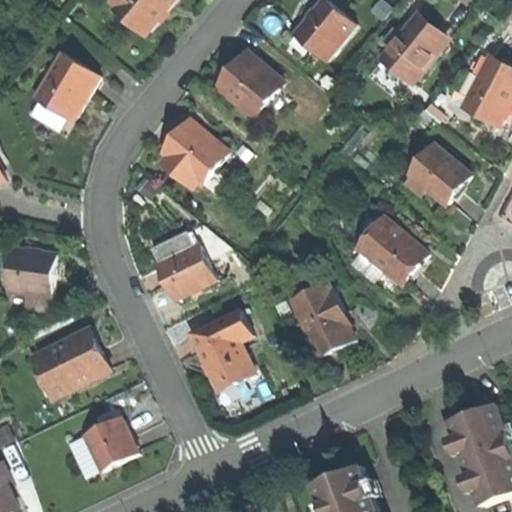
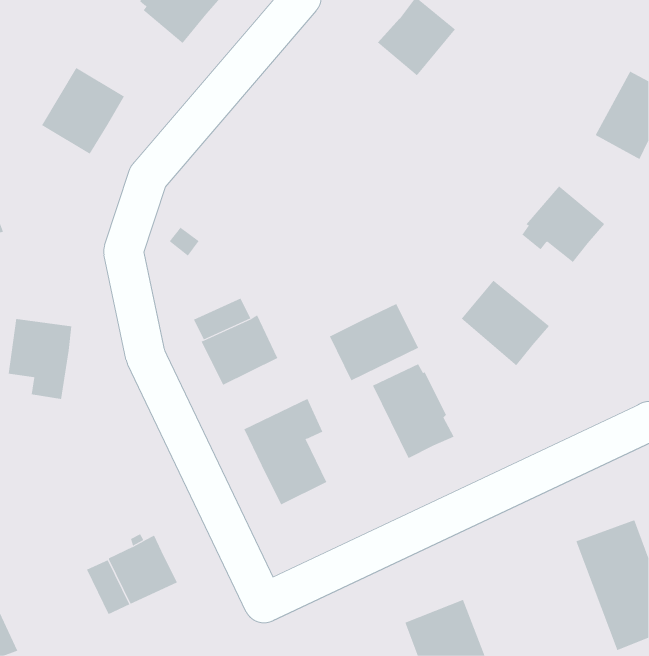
building: [380,16,444,82] -> none
building: [216,51,282,116] -> none
building: [161,119,228,185] -> none
building: none -> [329,303,419,381]
building: [32,333,109,396] -> none

